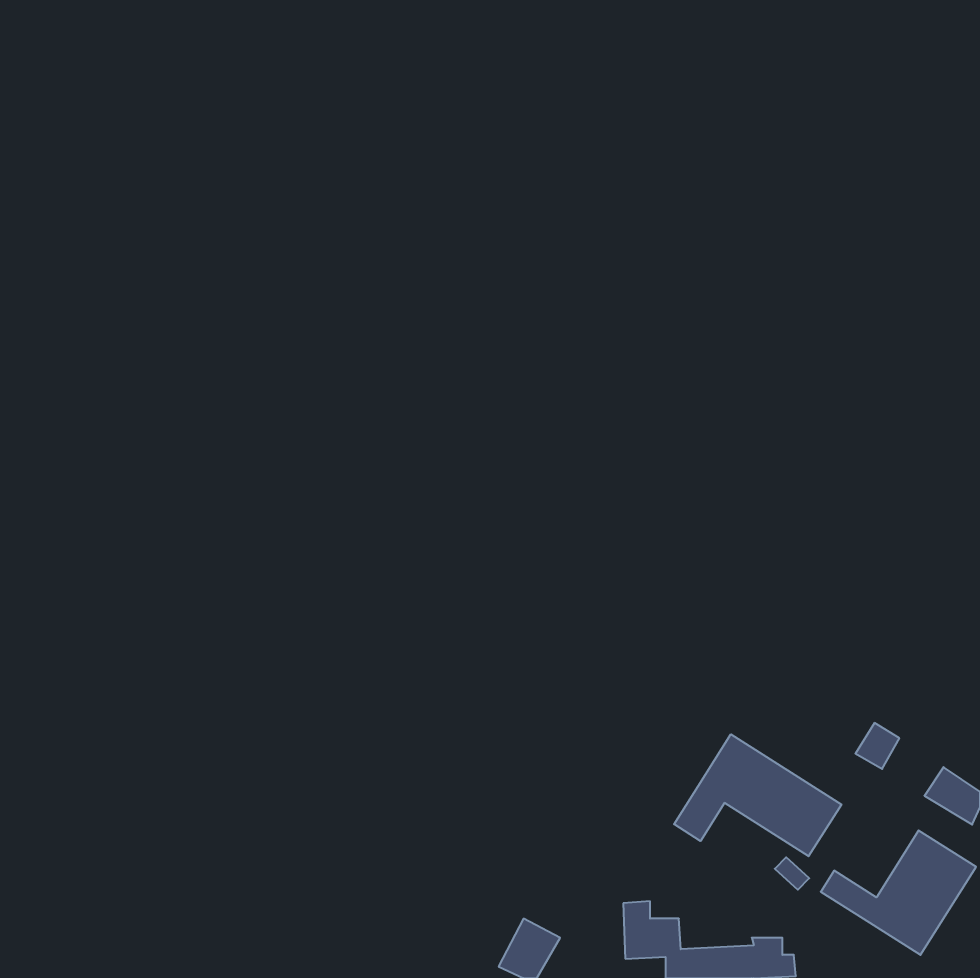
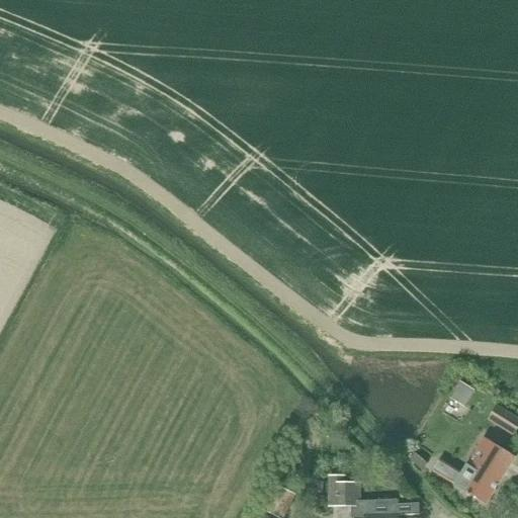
building: [674,734,841,856] -> none

